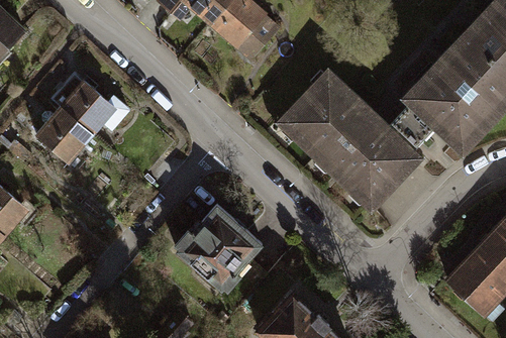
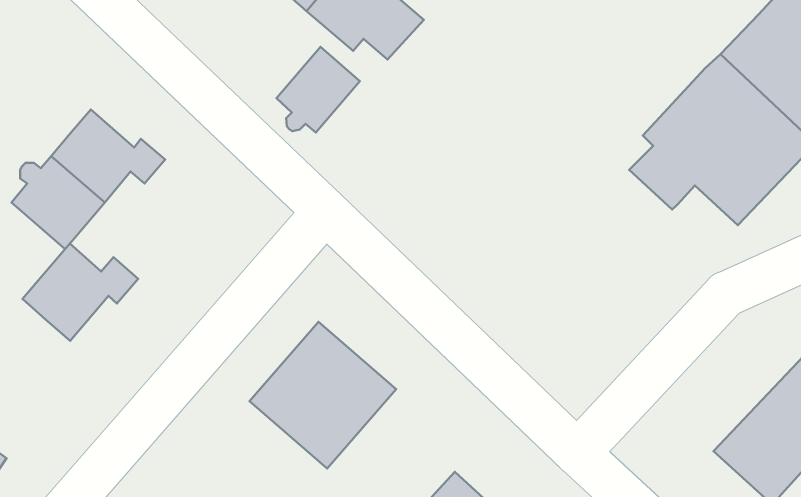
building: none -> [277,47,360,133]
building: [278,72,422,208] -> none
building: none -> [22,243,138,341]

